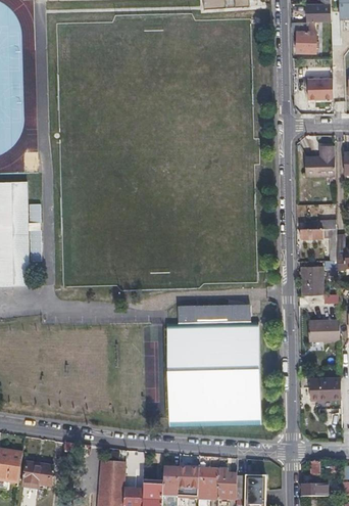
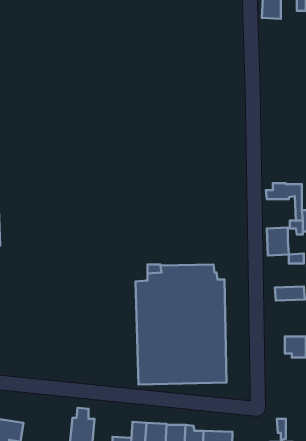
building: [307,79,333,99] -> none
building: [305,145,335,177] -> none

